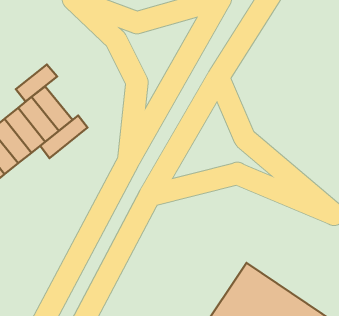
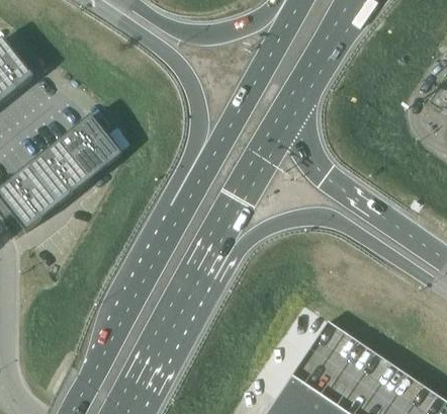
building: [16,65,57,102] -> none
building: [40,116,88,158] -> none

